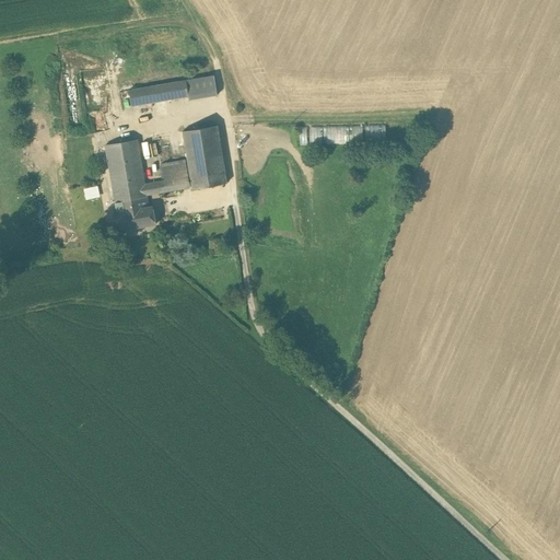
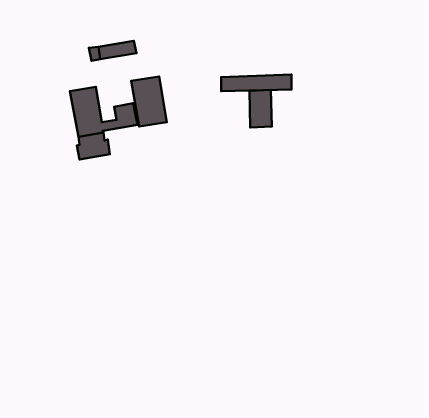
building: [185,74,217,98] -> none
building: none -> [249,90,272,127]

